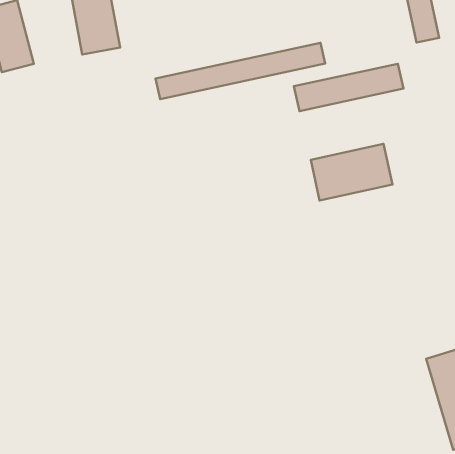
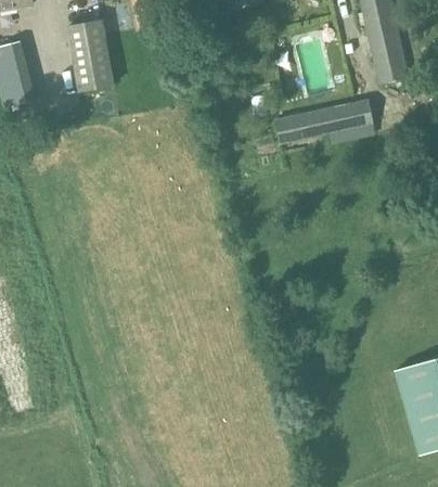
building: [156,43,325,99] -> none
building: [311,144,392,200] -> none

